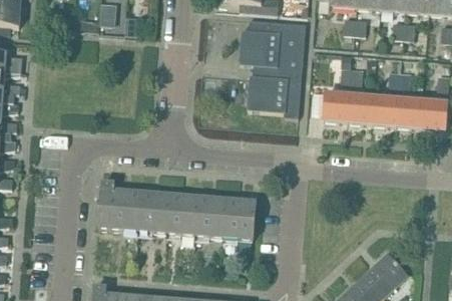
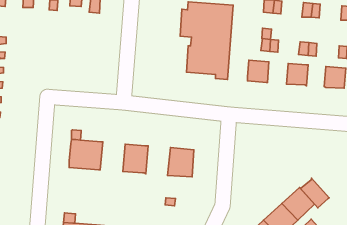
building: [348,94,374,122] -> none
building: [397,98,421,125] -> none
building: [138,195,169,232] -> none
building: [195,200,227,237] -> none
building: none -> [300,178,329,208]

